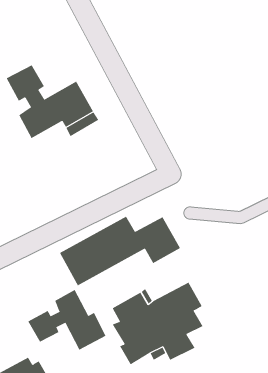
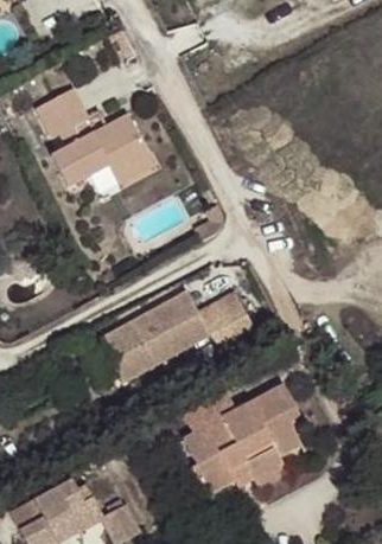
building: [28,289,106,350] -> none

